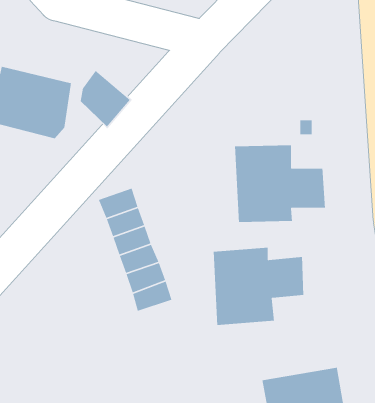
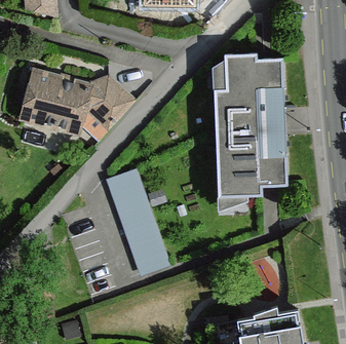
building: none -> [213,53,282,137]
building: [213,247,304,326] -> none

